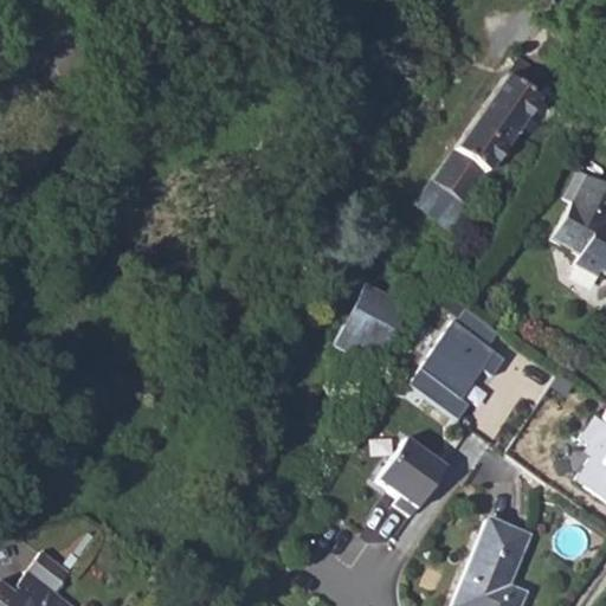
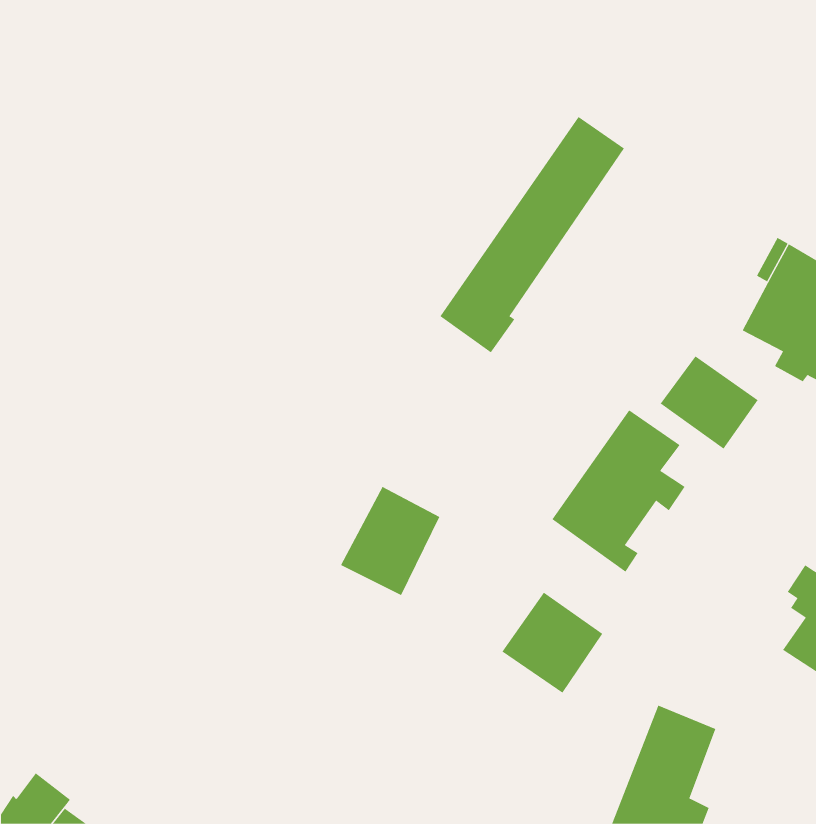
building: [415,58,552,232] -> [439,116,625,353]
building: none -> [660,356,758,450]
building: [335,288,408,368] -> [340,486,440,596]

